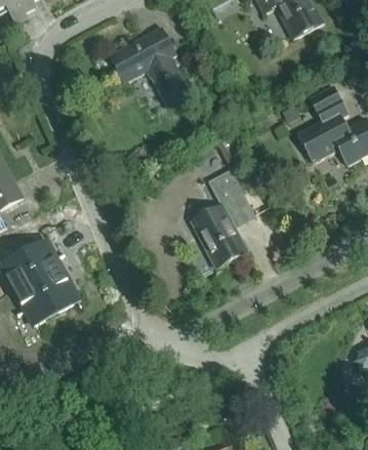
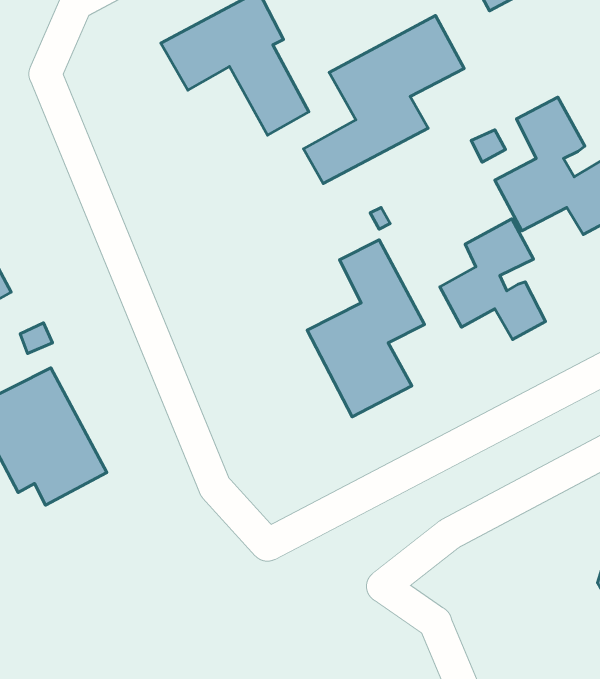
building: none -> [303,15,464,184]
building: none -> [440,219,546,340]

